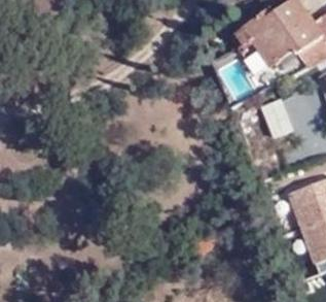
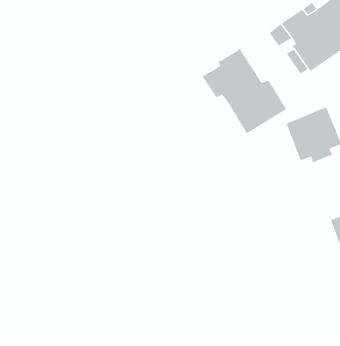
building: none -> [202,48,287,134]

